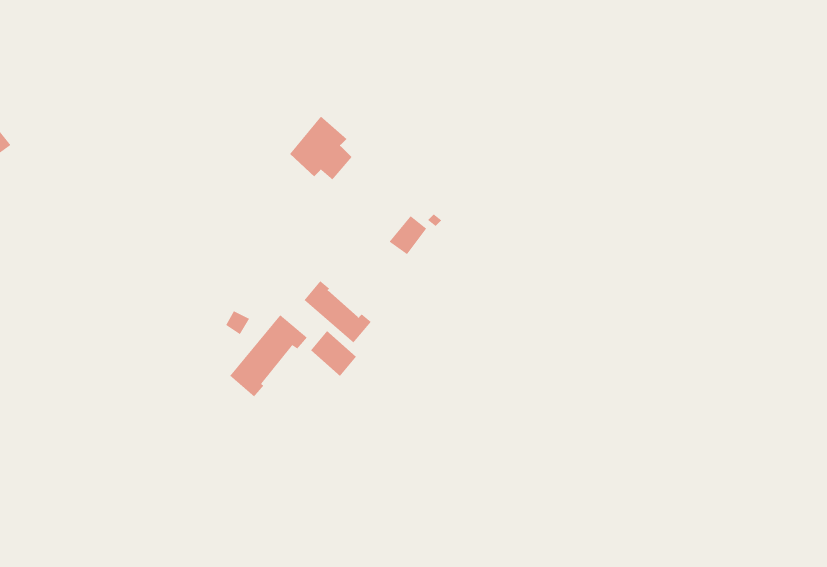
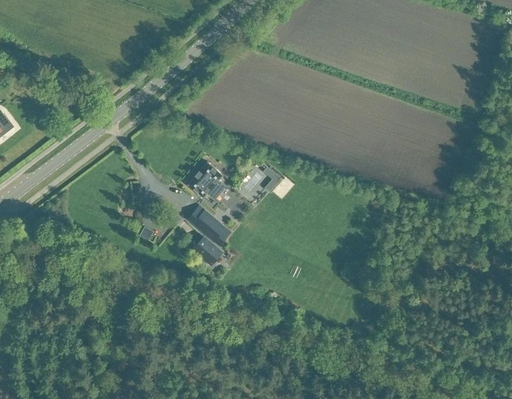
building: [289,115,353,180] -> [188,160,226,199]
building: [229,314,308,398] -> none

